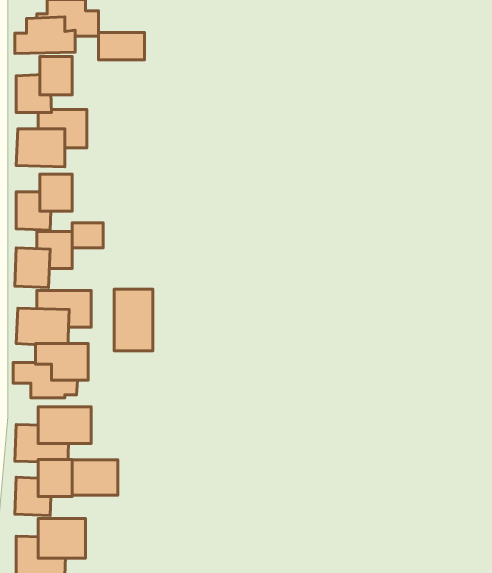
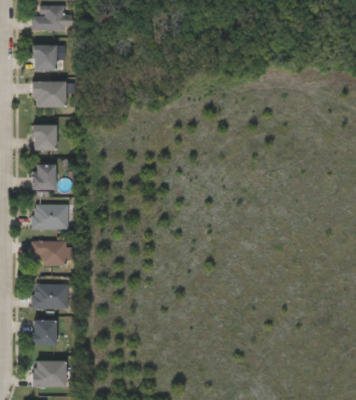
building: [99,33,144,60] -> none
building: [72,223,103,248] -> none
building: [114,289,153,351] -> none
building: [72,460,118,495] -> none

